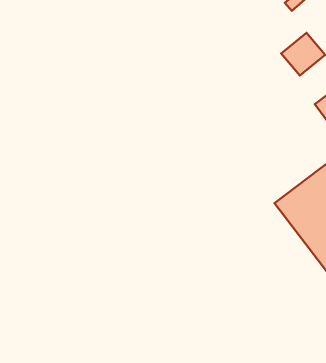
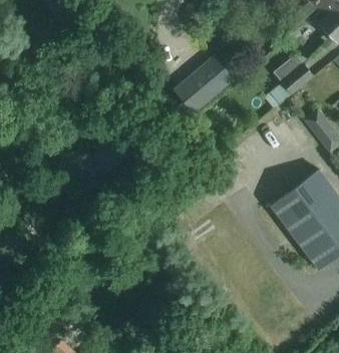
building: none -> [174,56,233,112]

